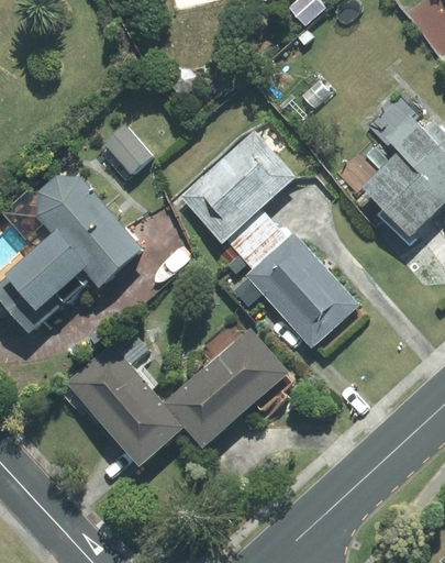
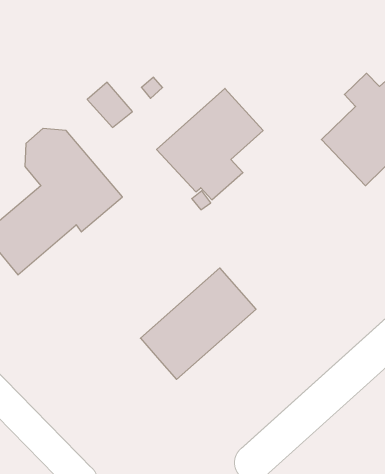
building: [240,222,360,347] -> none
building: [63,332,182,467] -> none

